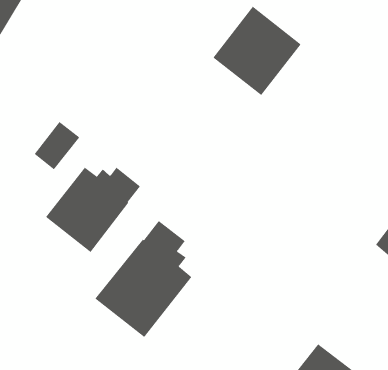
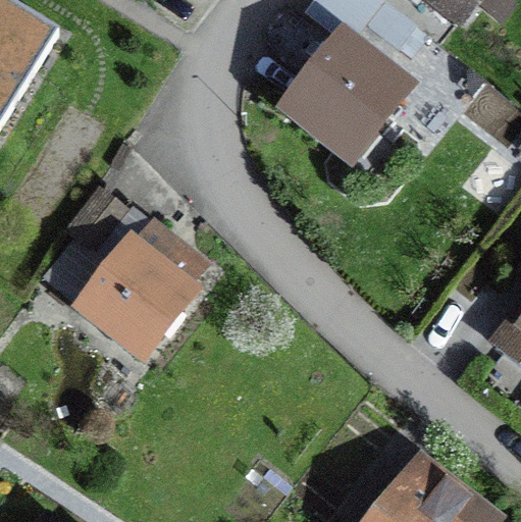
building: [95,220,192,338] -> none

